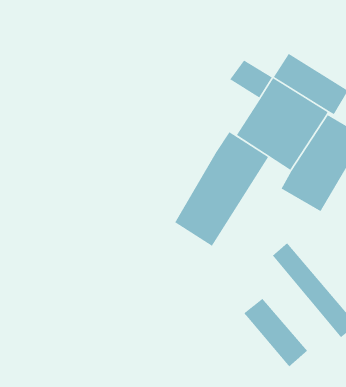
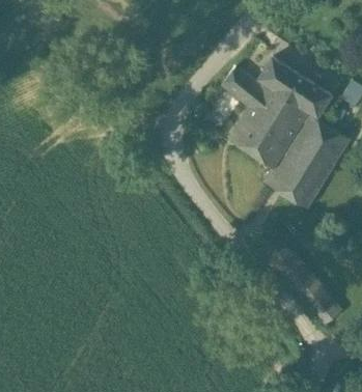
building: [174,131,269,247] -> none
building: [243,298,308,367] -> none

